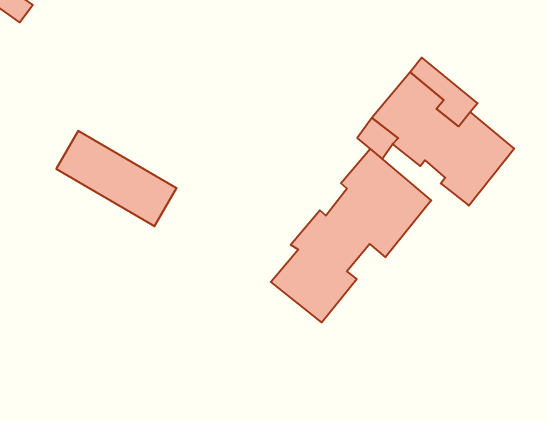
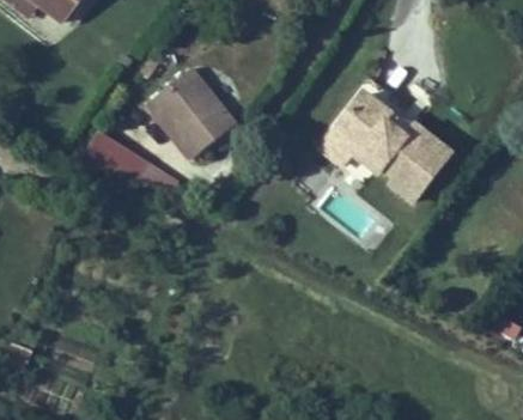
building: none -> [153,63,238,151]
building: [271,149,431,322] -> none

